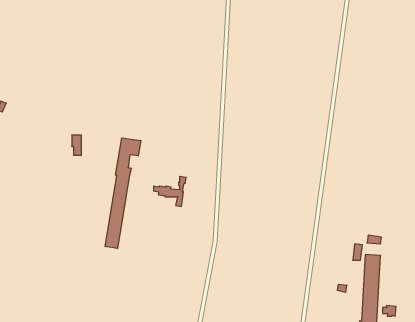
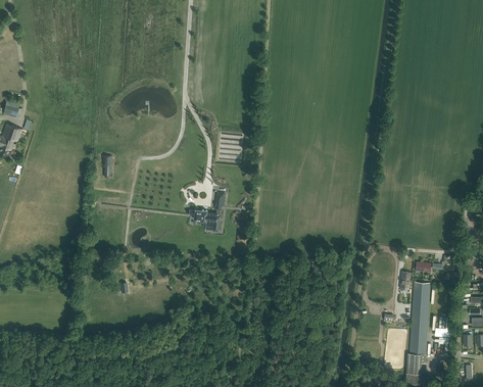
building: [105,138,141,249] -> none

